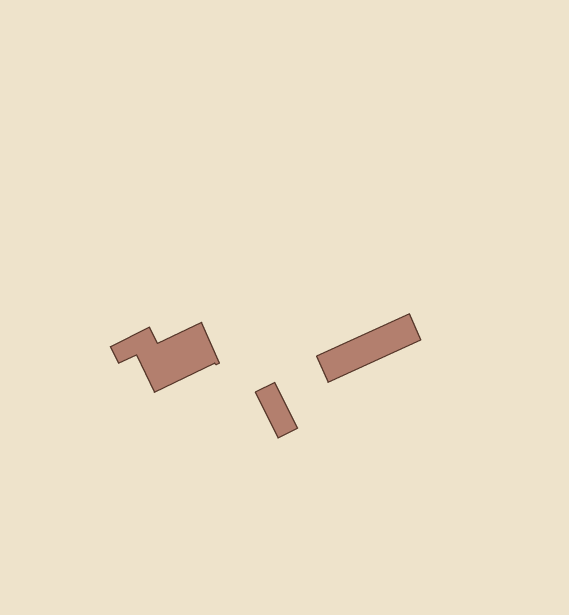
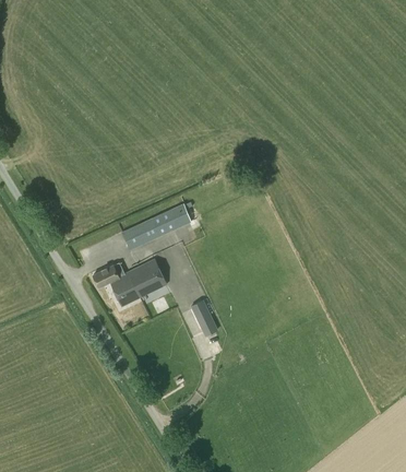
building: [317,314,421,382] -> [121,203,191,249]

